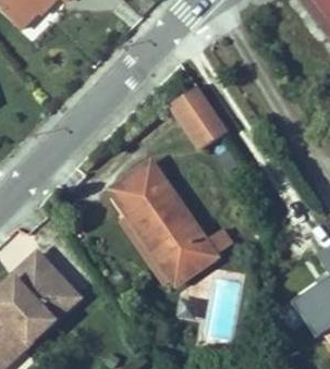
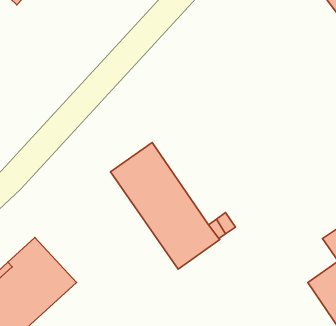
building: [171,85,229,148] -> none

